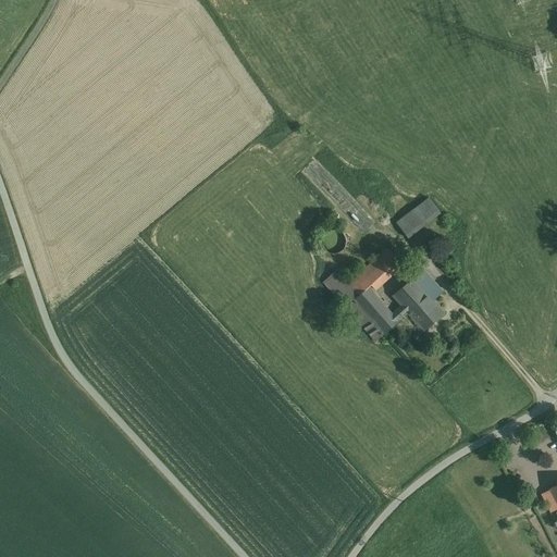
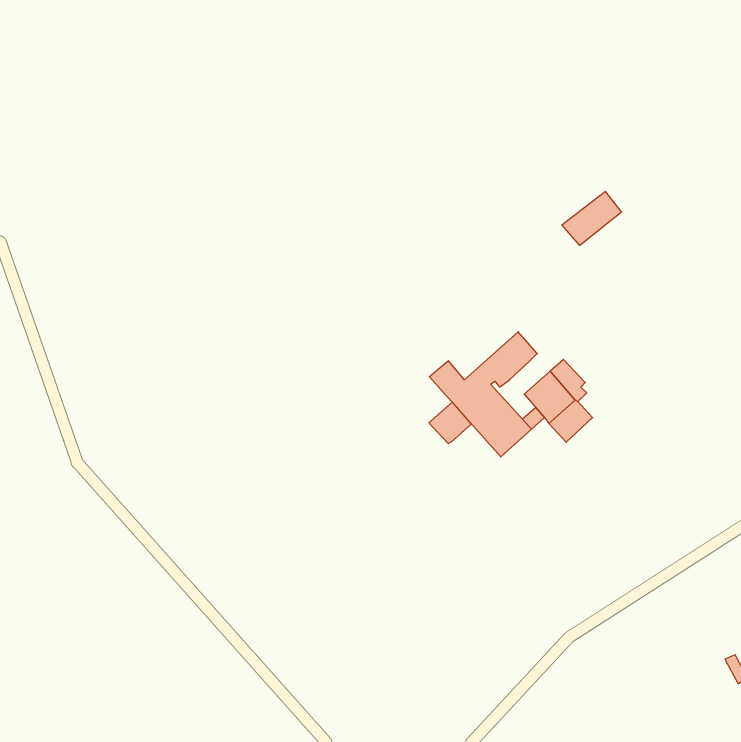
building: [396,197,441,237] -> [562,192,622,245]
building: none -> [429,402,471,444]

